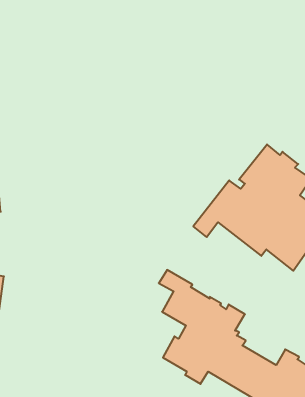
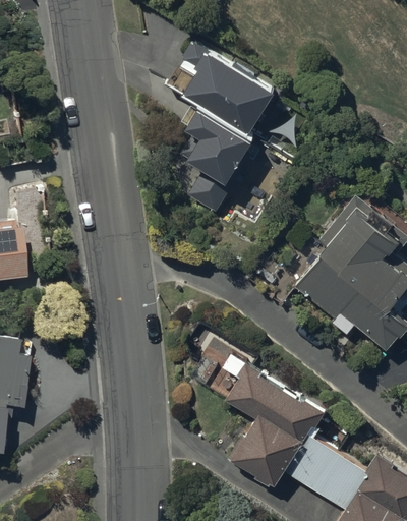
building: none -> [166,37,282,215]

